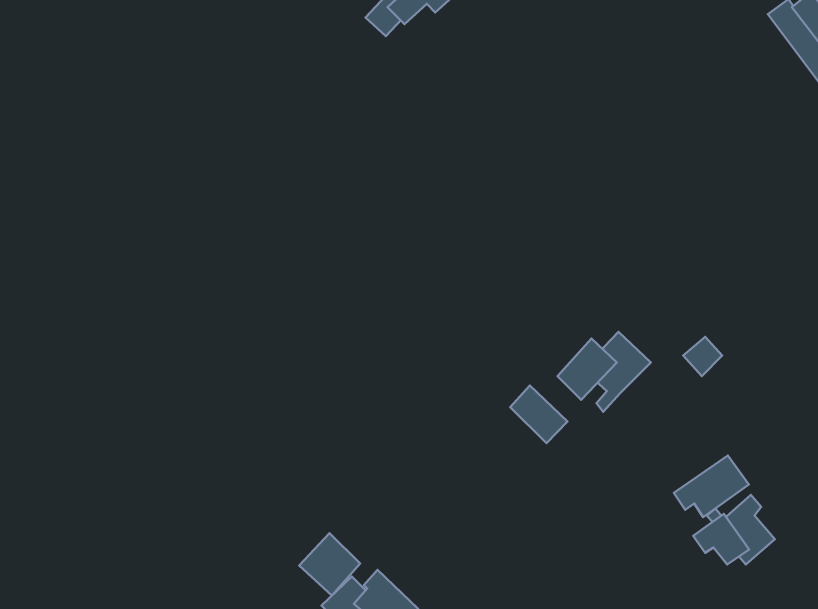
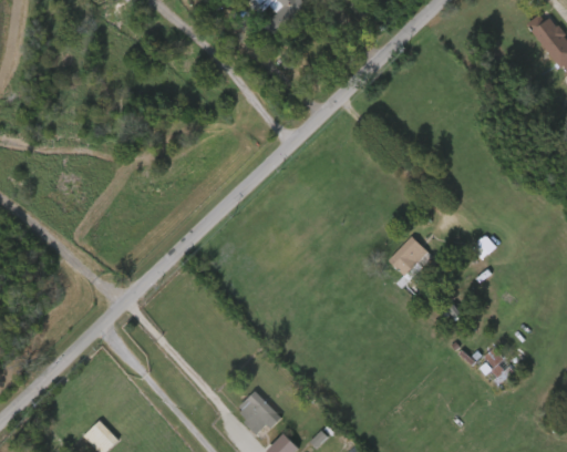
building: [510,385,568,443] -> none
building: [674,456,749,517] -> none
building: [299,533,360,596] -> none

